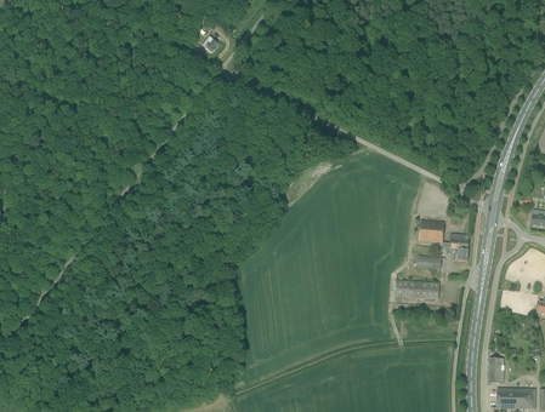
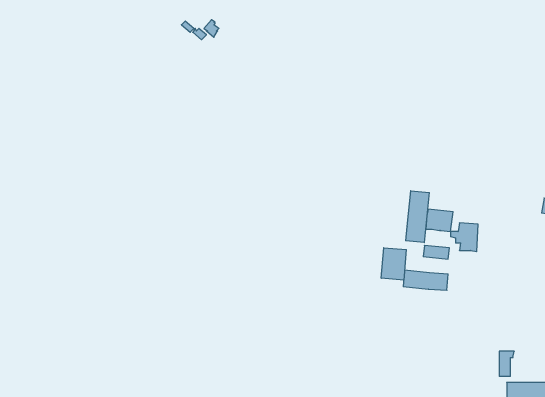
building: none -> [406,191,429,243]
building: none -> [381,248,406,280]

